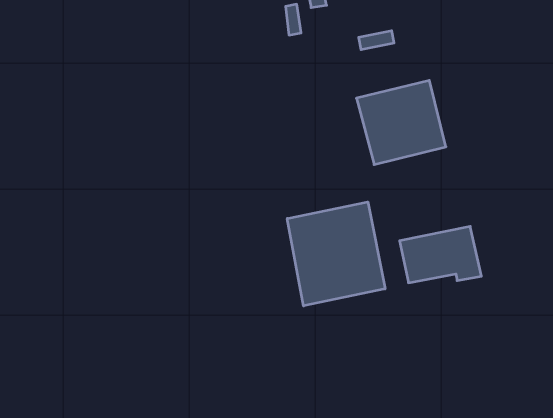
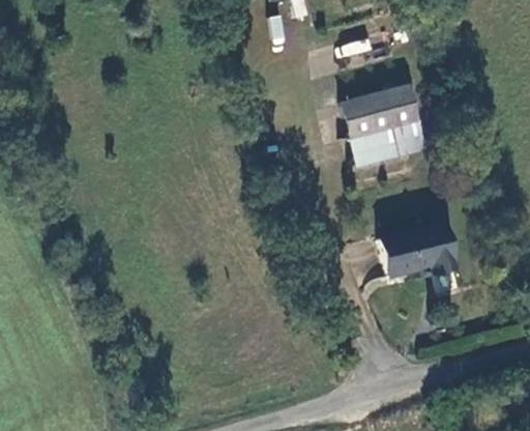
building: [287,202,385,306] -> none

